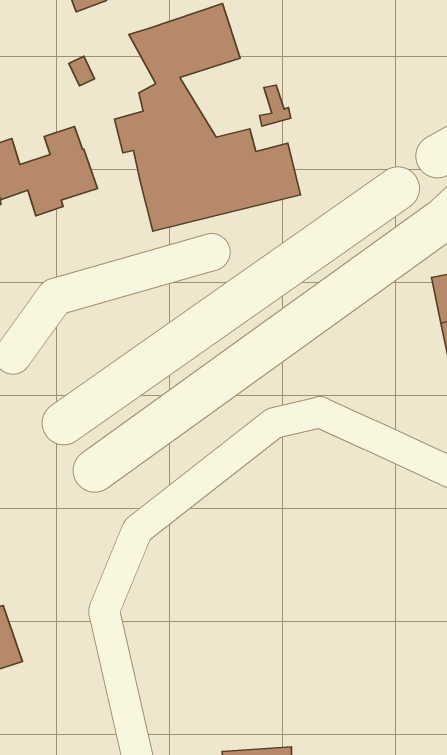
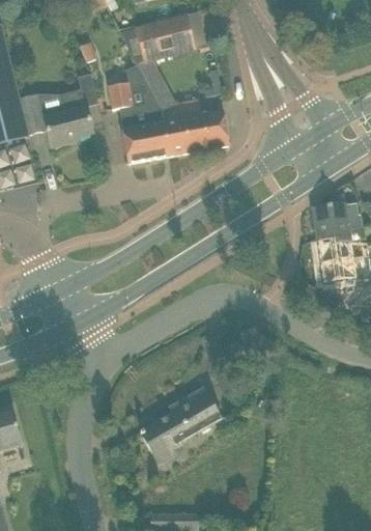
building: none -> [141,387,221,463]

